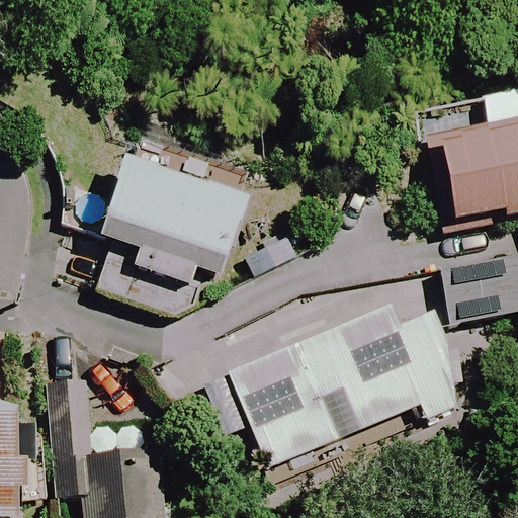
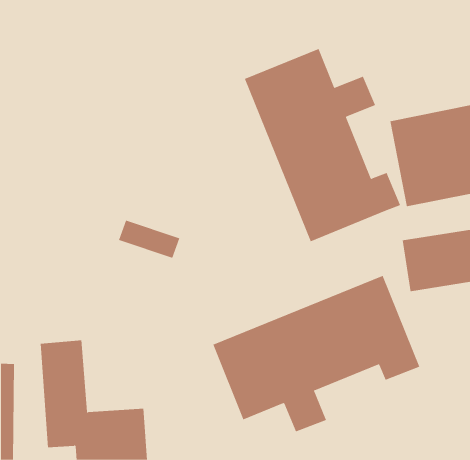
building: none -> [244,48,401,242]
building: [106,156,249,257] -> none

